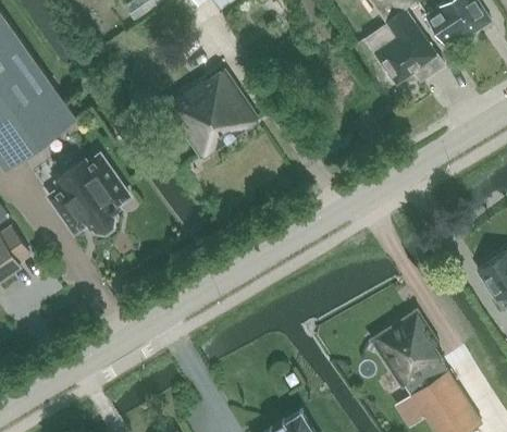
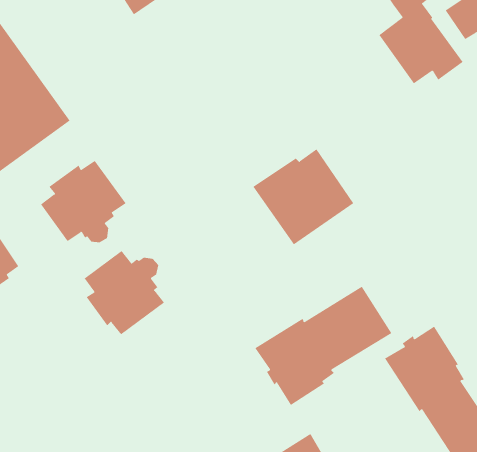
building: [164,69,259,159] -> [253,148,354,245]
building: none -> [84,250,165,335]
building: none -> [255,286,392,406]

